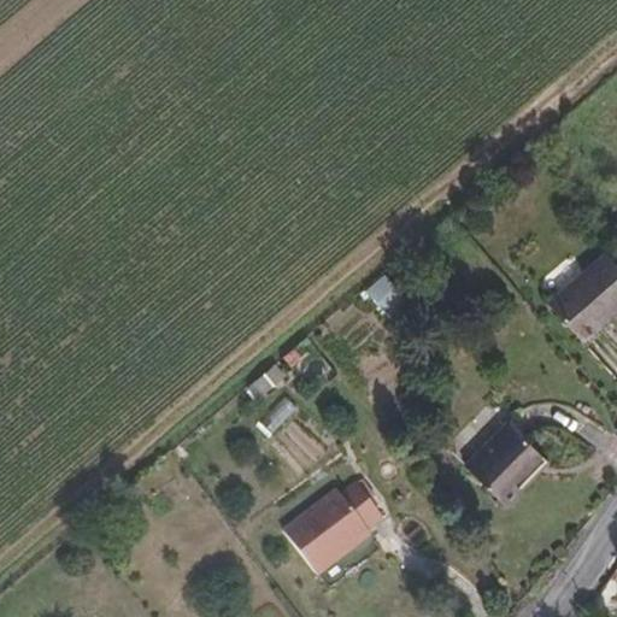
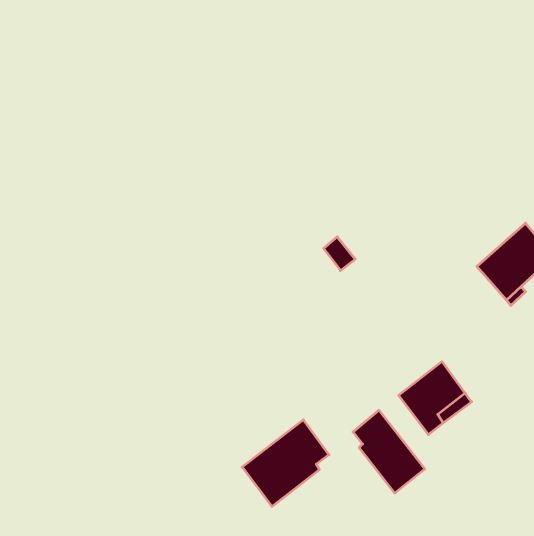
building: none -> [353,410,425,493]

